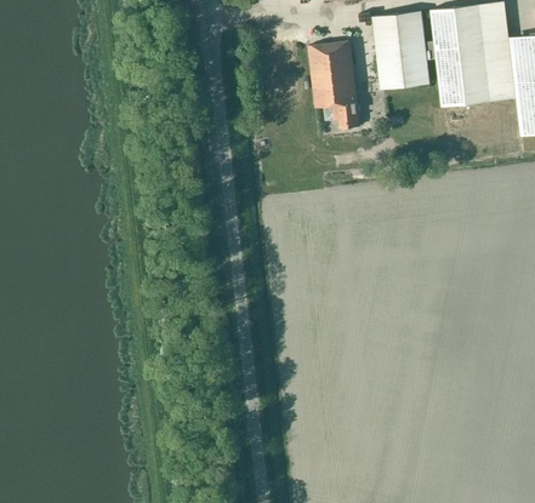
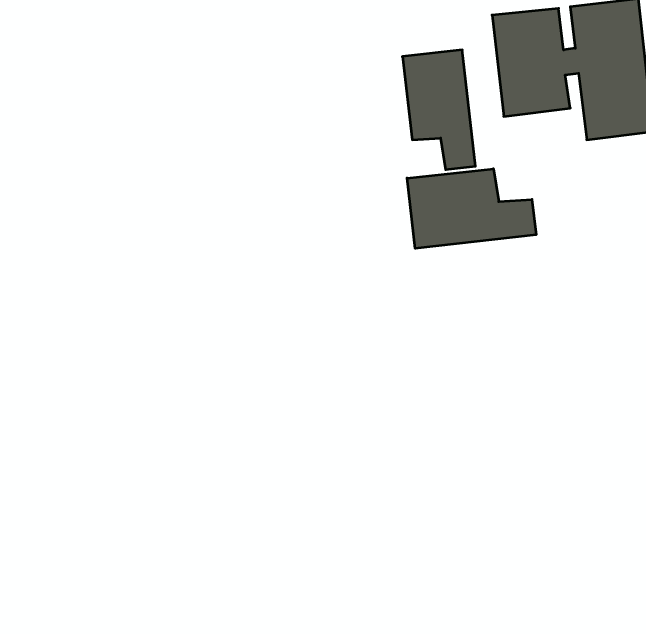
building: none -> [407,169,536,248]

